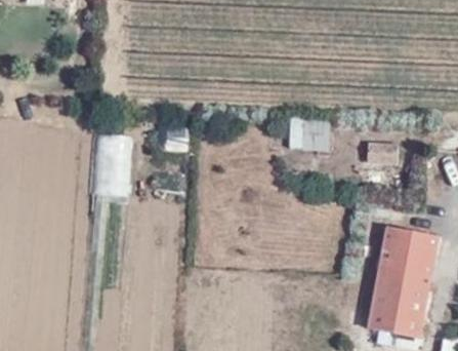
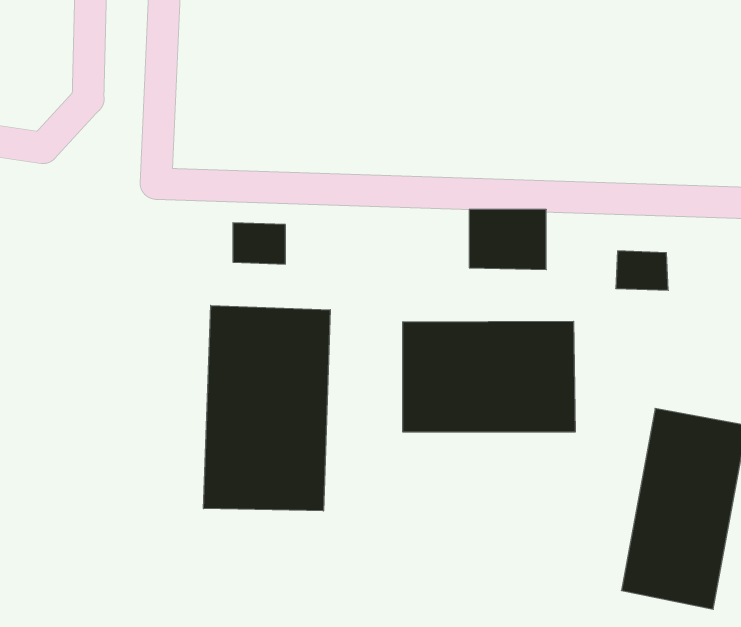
building: none -> [204,305,330,511]
building: none -> [403,321,575,432]

